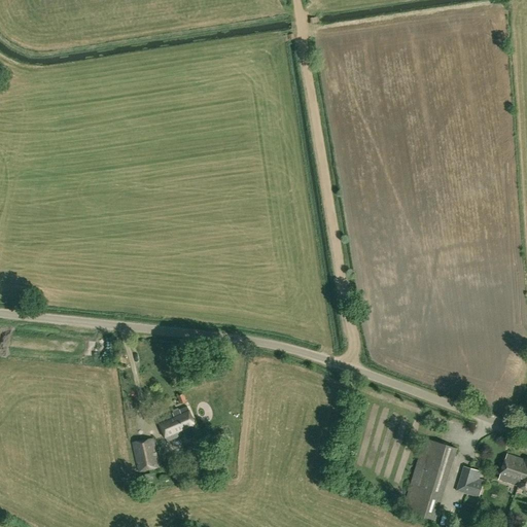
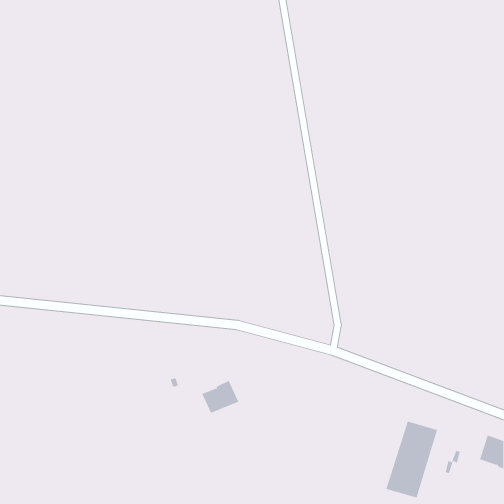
building: [157,406,197,441] -> [202,380,239,414]
building: [132,438,157,471] -> none

